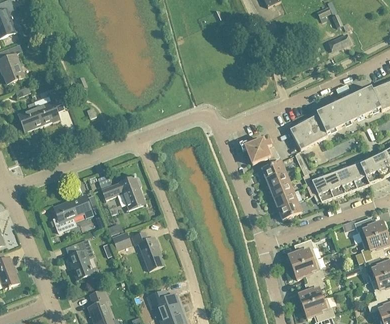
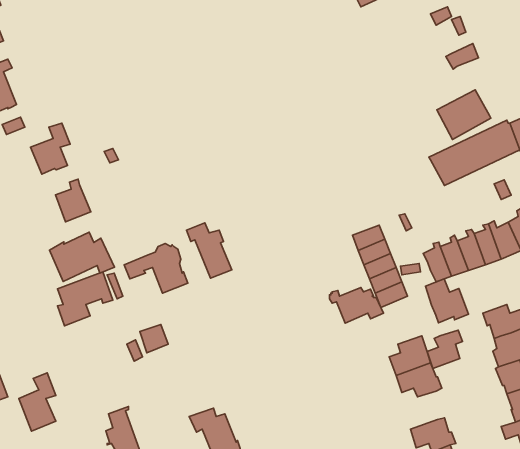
building: [17,102,42,132] -> [55,179,91,222]
building: [289,115,327,150] -> [437,90,491,139]
building: [240,139,278,164] -> [329,288,383,323]
building: none -> [50,232,114,281]
building: none -> [426,279,468,323]
building: [131,231,163,270] -> [186,223,232,278]
building: [67,238,93,279] -> [19,373,56,431]
building: [298,278,323,305] -> [427,330,463,368]

